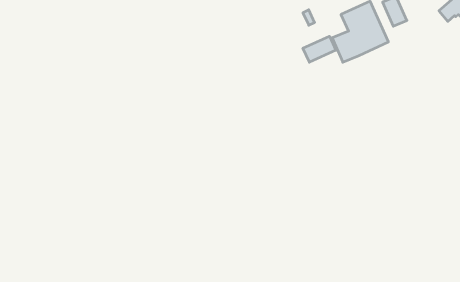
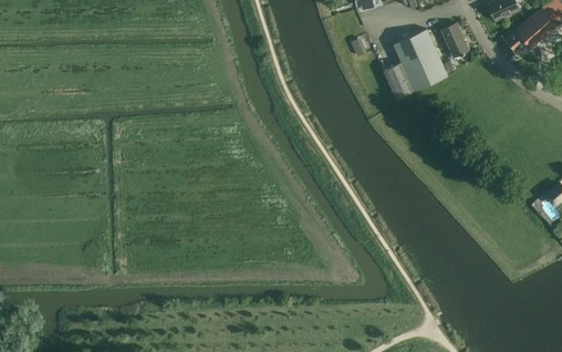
building: [303,36,336,62] -> none

